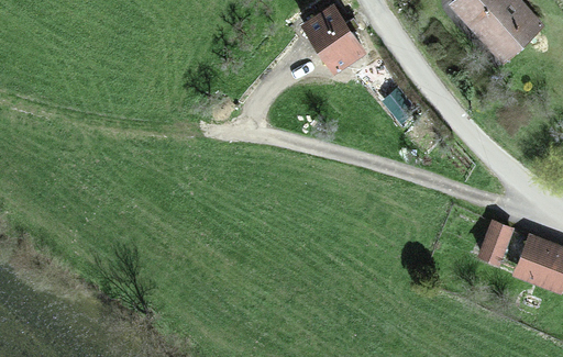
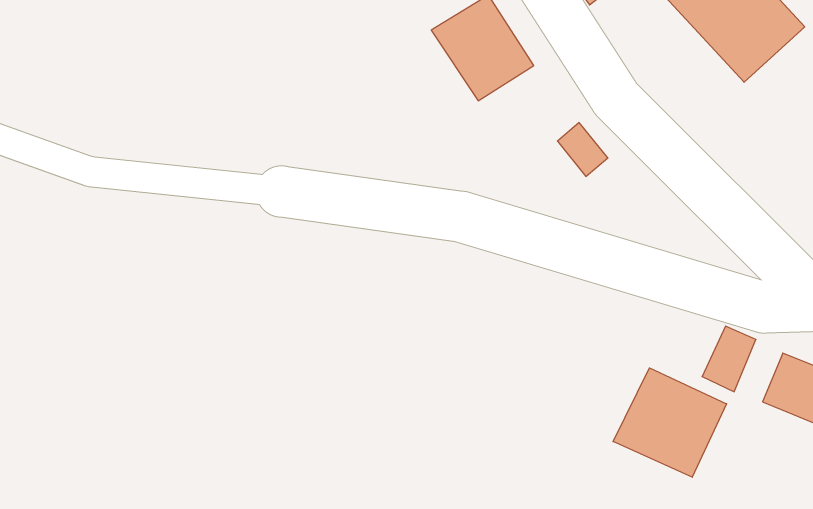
building: none -> [613,368,727,477]

